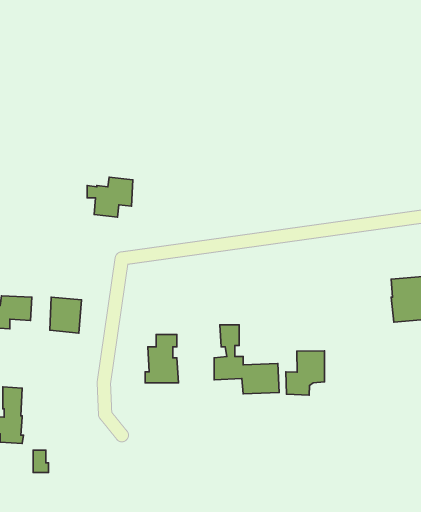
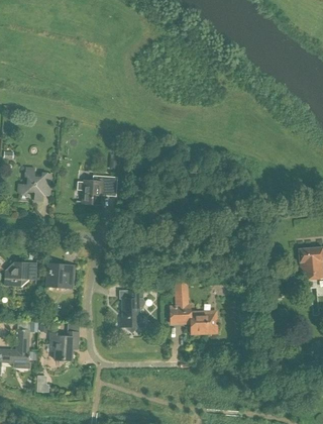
building: none -> [17,168,50,201]
building: [286,351,324,395] -> none
building: none -> [46,324,79,359]

